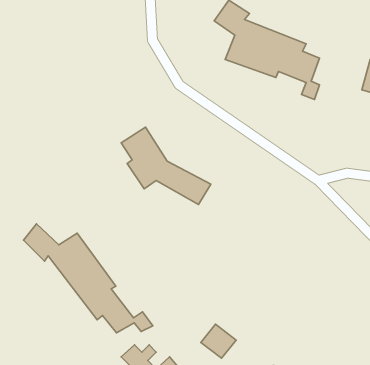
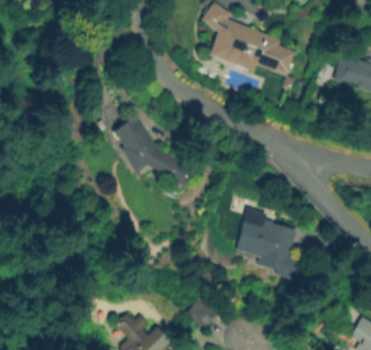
building: [23,224,153,333] -> none
building: none -> [238,208,299,280]

